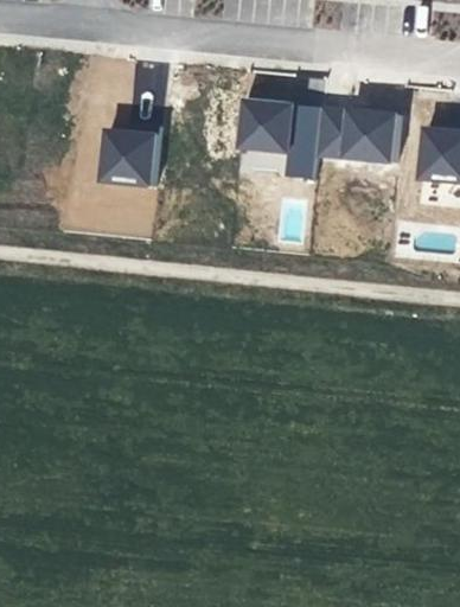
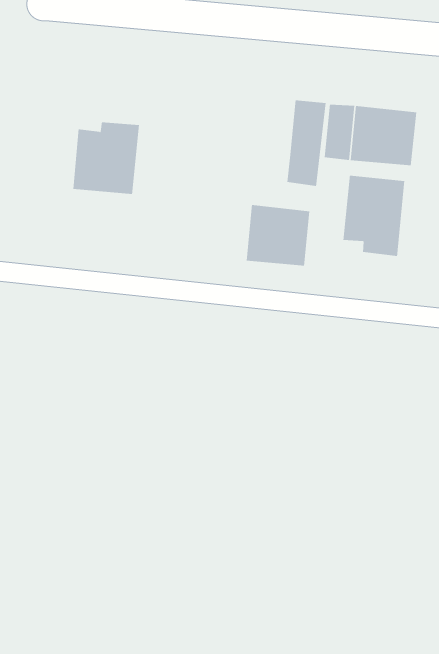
building: [238,100,294,153] -> [246,204,310,266]
building: none -> [343,175,405,257]

